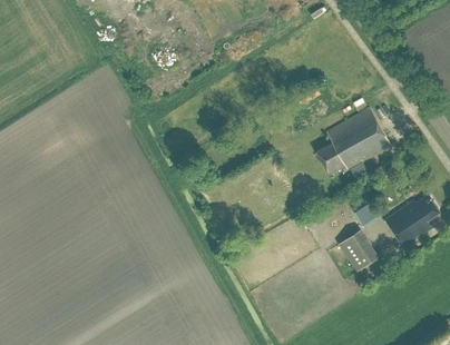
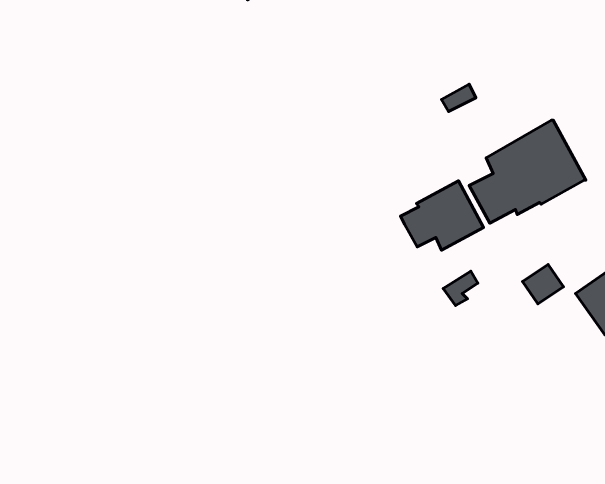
building: none -> [401,181,483,250]
building: [333,227,374,269] -> none

